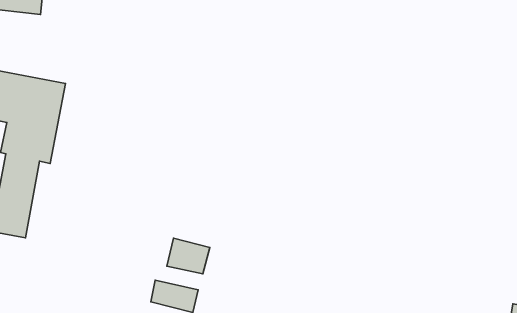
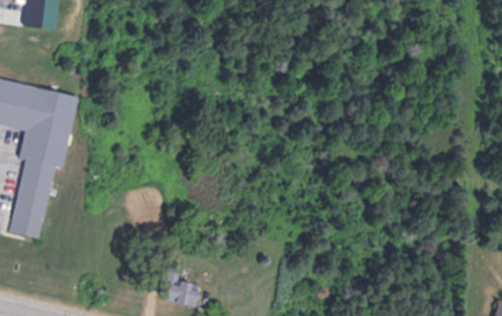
building: [167,238,210,274] -> none

